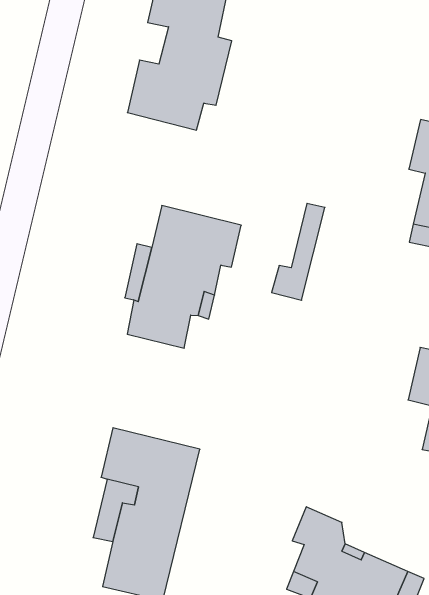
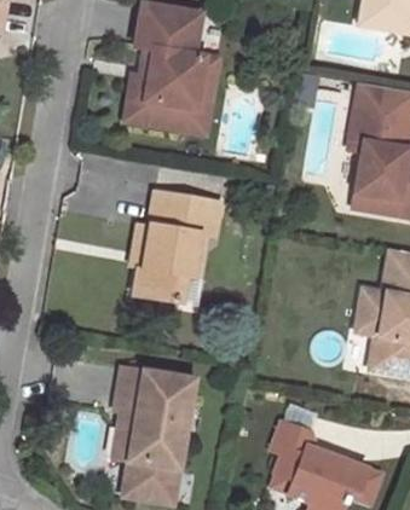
building: [272,203,325,300] -> [179,53,218,131]

